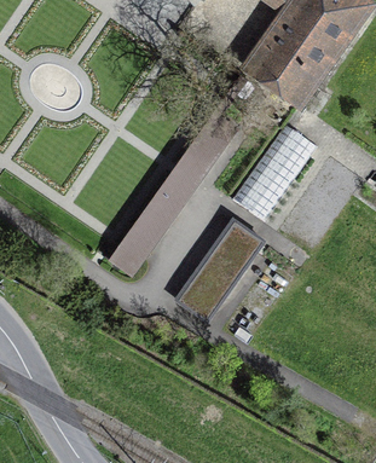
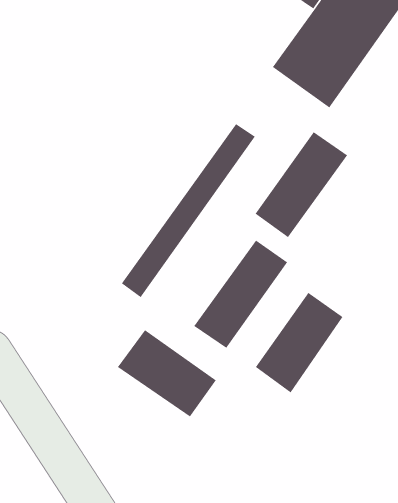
building: none -> [255,292,344,393]
building: none -> [117,329,217,418]

